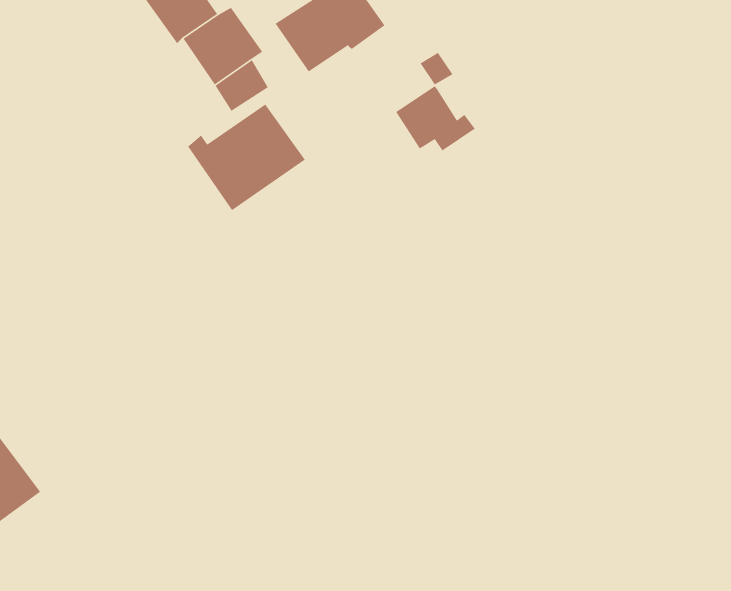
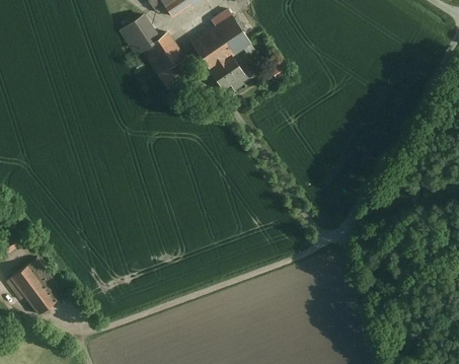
building: [395,86,476,151] -> [208,54,251,89]
building: [187,103,306,211] -> none

